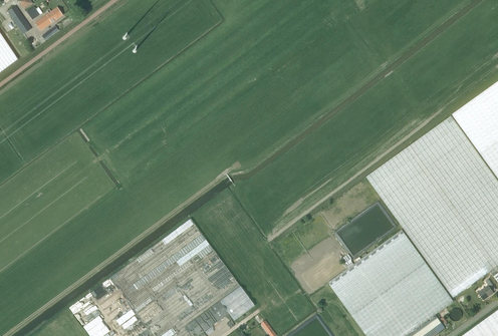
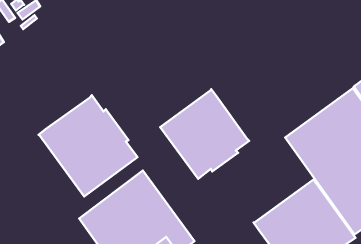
building: none -> [160,89,249,179]
building: none -> [38,95,138,196]

